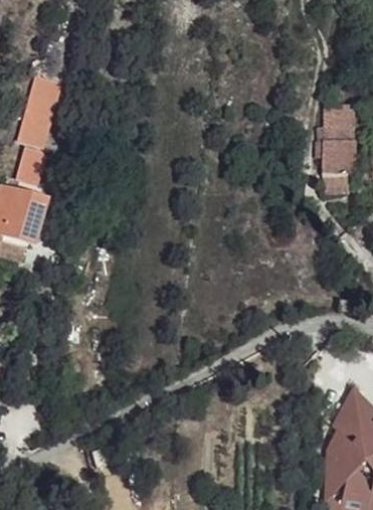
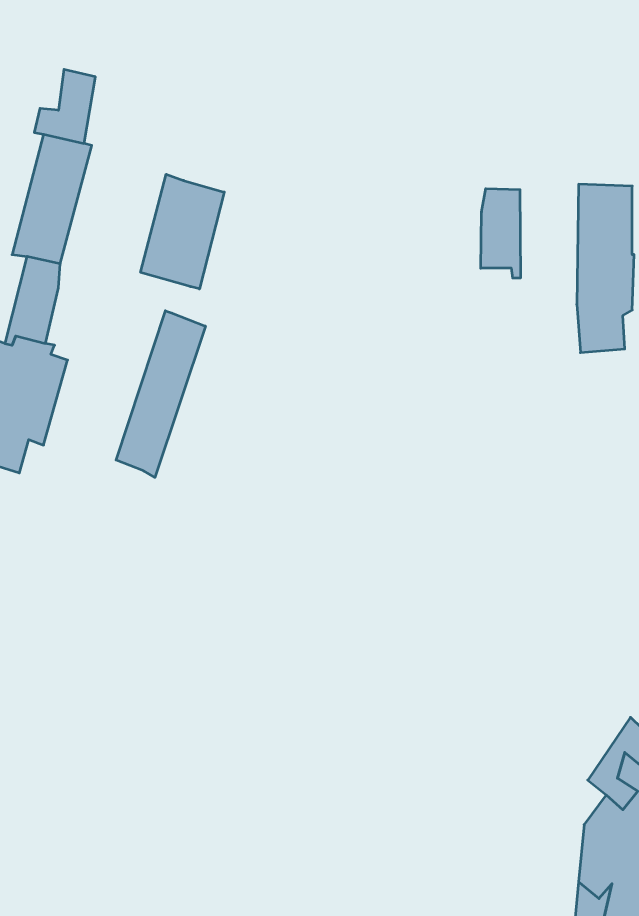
building: none -> [141,174,224,289]
building: none -> [481,189,520,278]
building: none -> [116,311,205,477]

